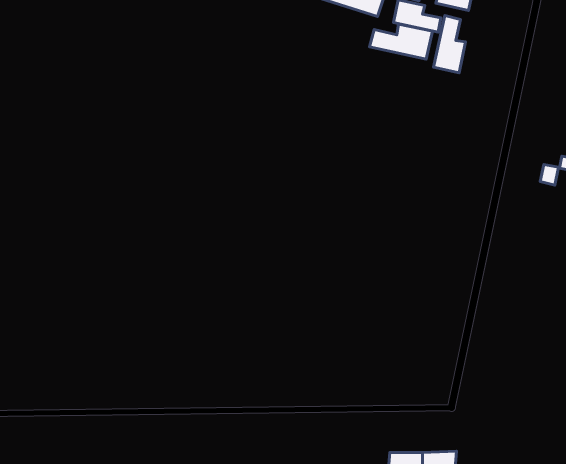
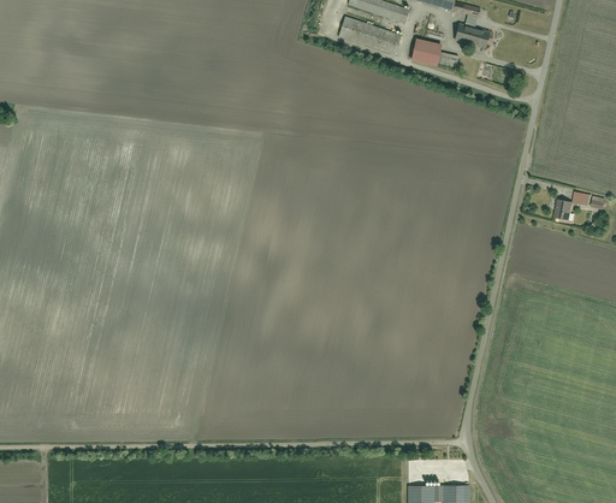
building: [434,15,466,73] -> none
building: [369,24,432,59] -> none

